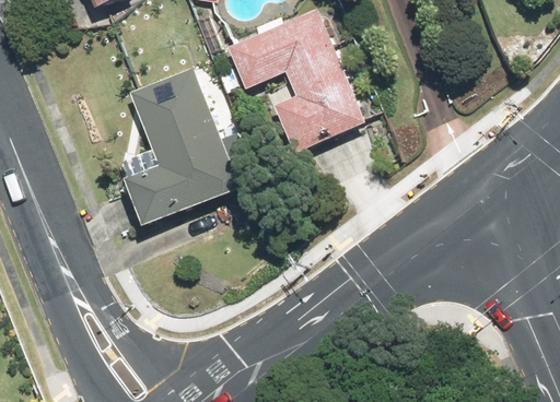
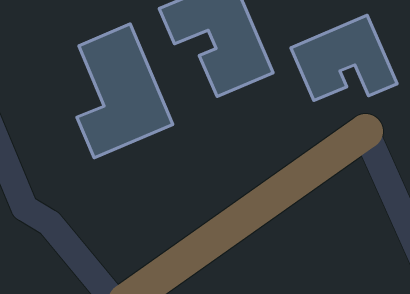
building: none -> [291,15,397,101]

